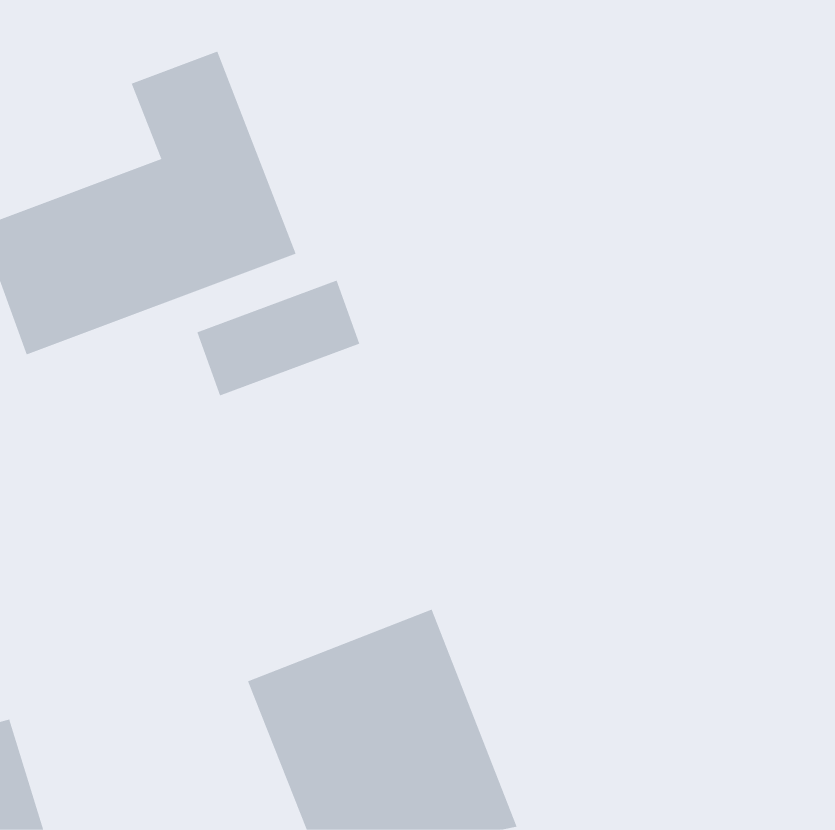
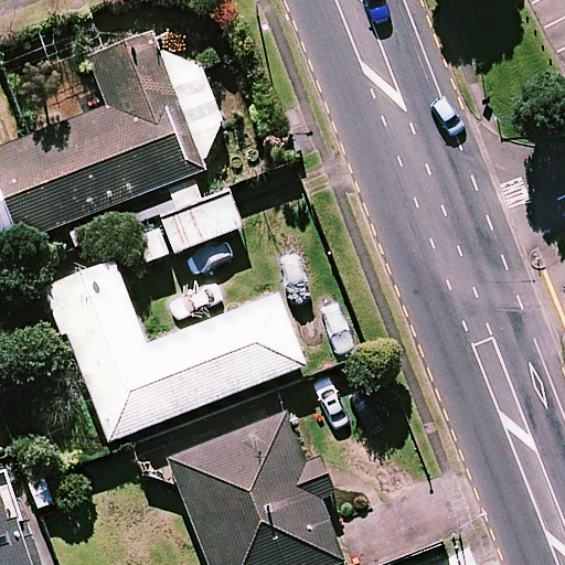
building: none -> [49,263,303,440]

